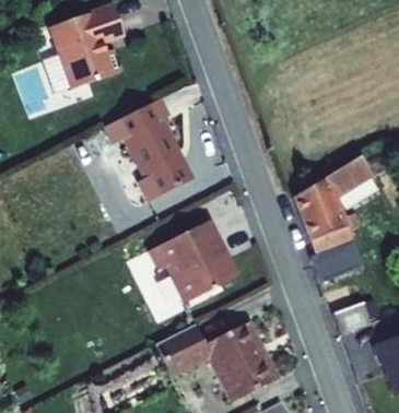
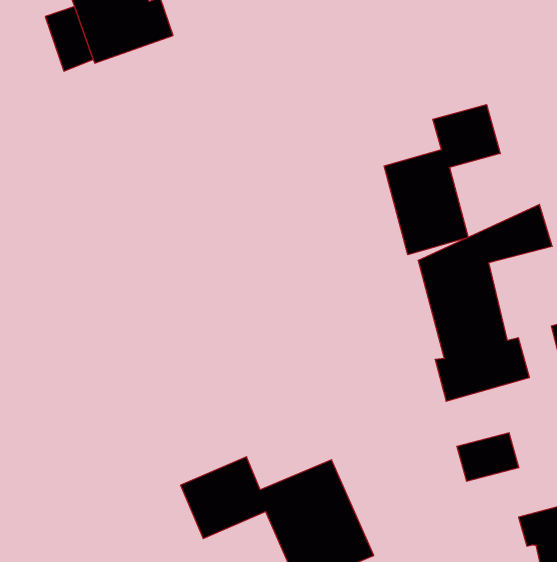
building: none -> [384,105,500,255]
building: [107,96,197,200] -> none
building: [150,219,238,302] -> none

